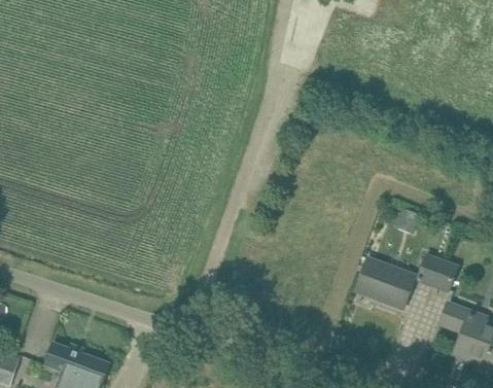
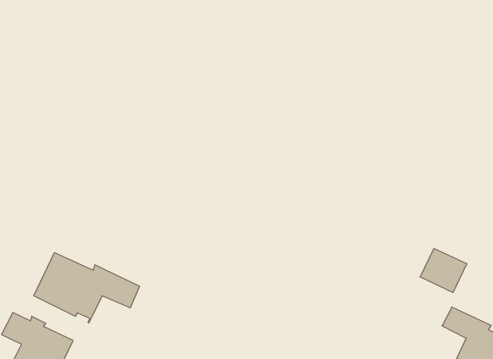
building: [355,261,412,308] -> none
building: none -> [34,253,139,323]

